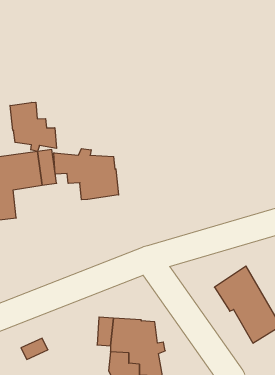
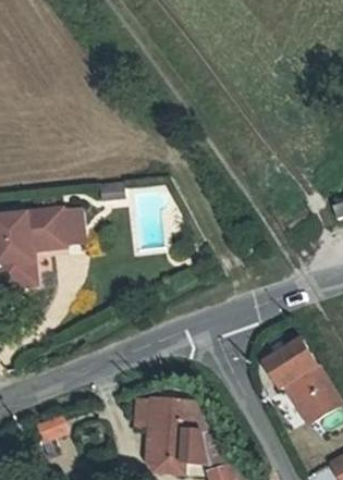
building: [10,102,57,151] -> none
building: [54,149,119,200] -> none

